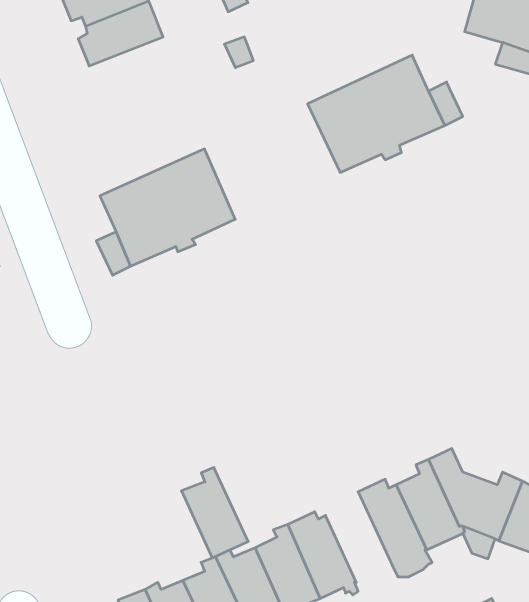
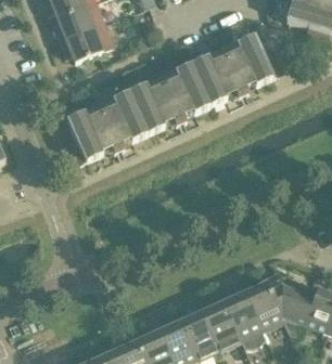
building: none -> [60,24,113,62]
building: none -> [129,64,210,133]
building: [181,467,248,558] -> [202,297,242,351]

